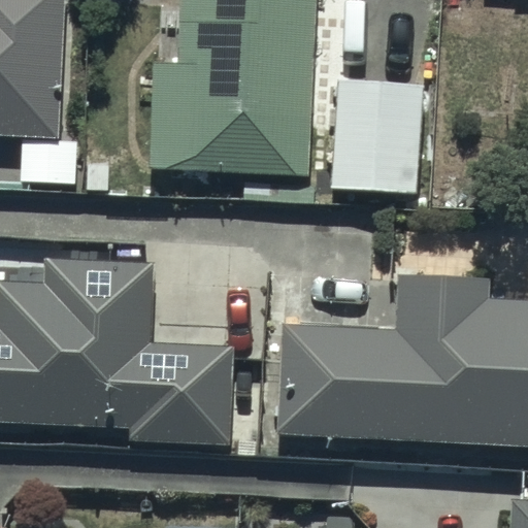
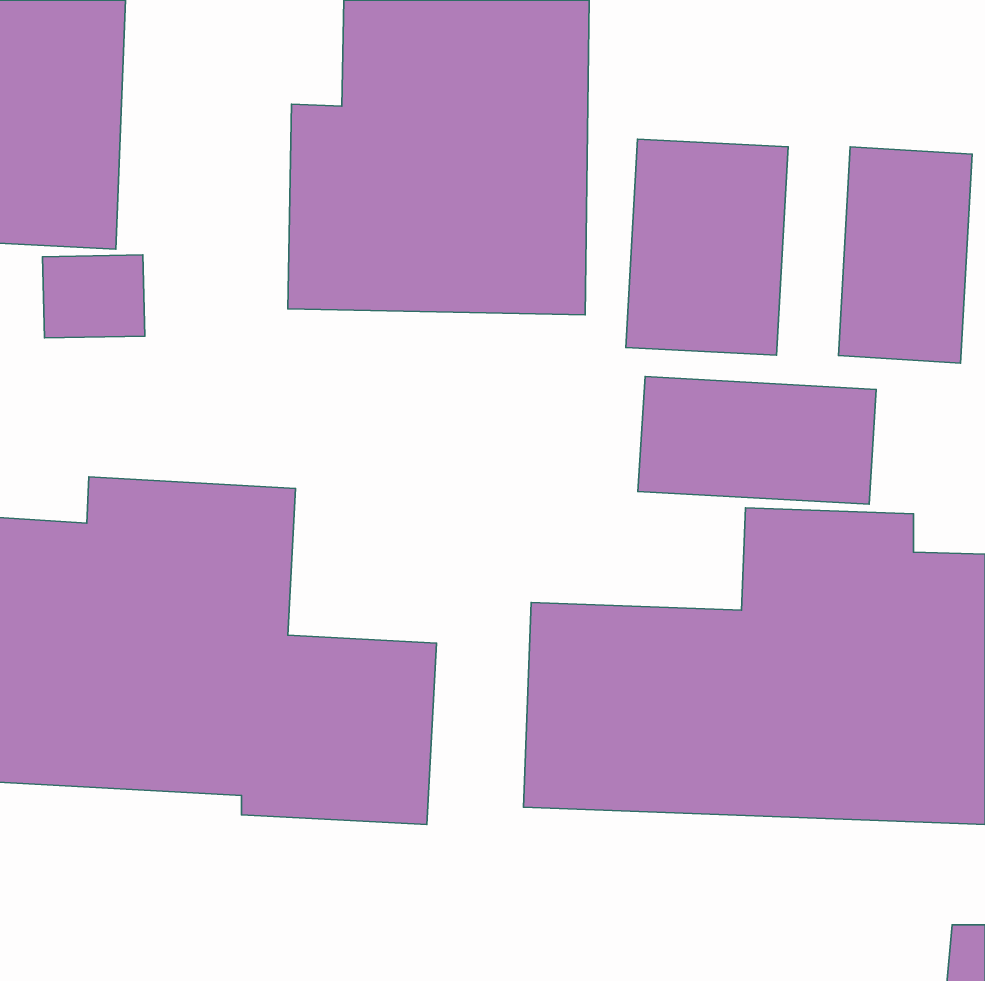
building: none -> [839,147,972,363]
building: none -> [638,377,876,504]

